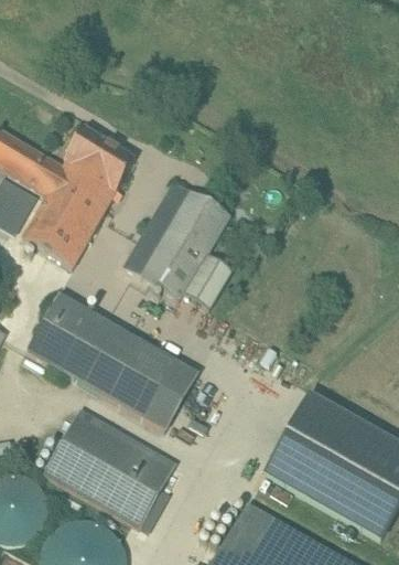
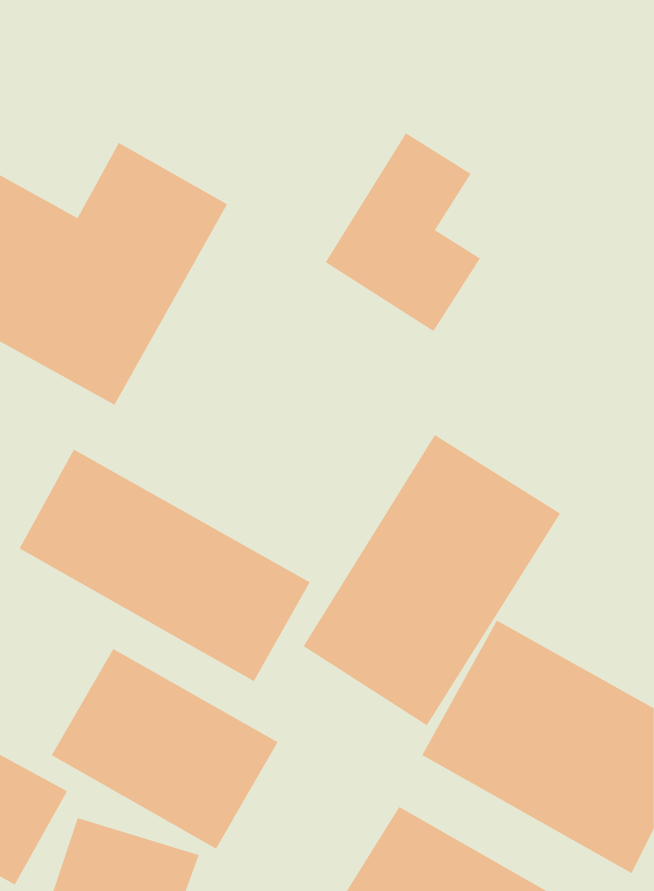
building: [141,194,233,311] -> [325,132,481,332]
building: none -> [303,434,561,726]

